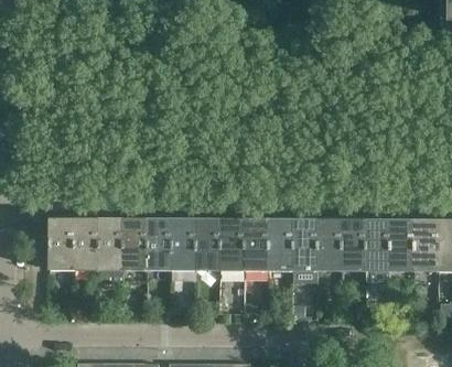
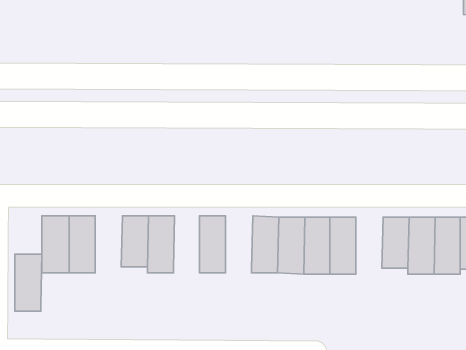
building: [99,218,125,271] -> [15,254,42,311]
building: [172,218,196,267] -> none
building: [220,218,246,267] -> none
building: [342,219,367,267] -> none

